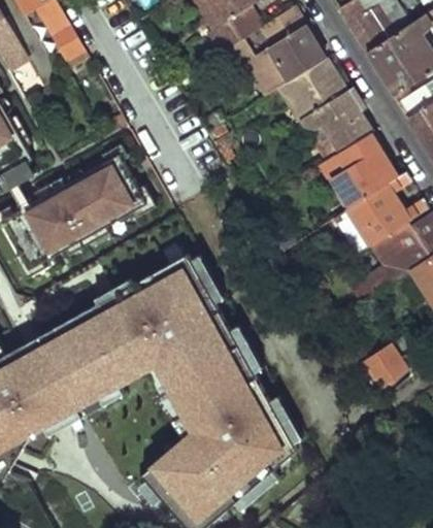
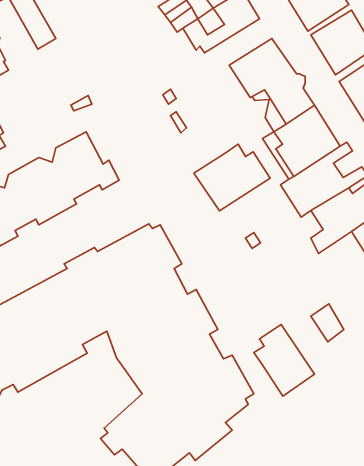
building: [249,31,323,90] -> none
building: none -> [194,144,270,211]
building: none -> [254,324,314,396]

